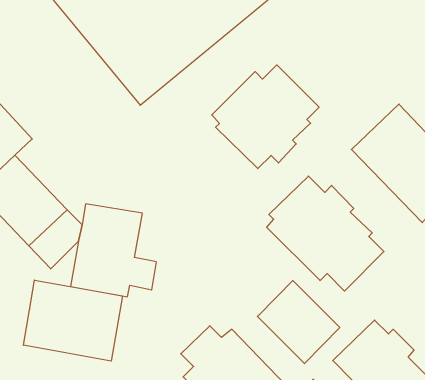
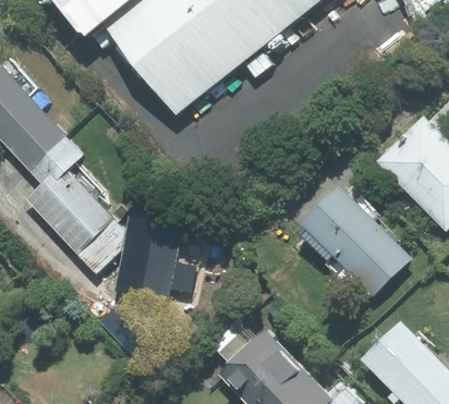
building: [212,65,319,169] -> none
building: [23,280,122,361] -> none
building: [257,281,340,364] -> none

